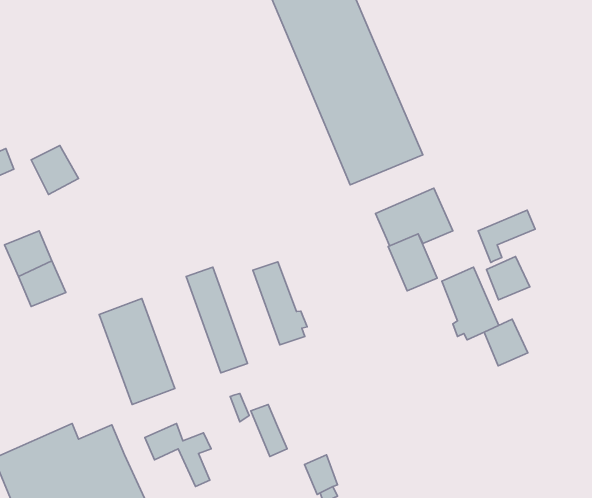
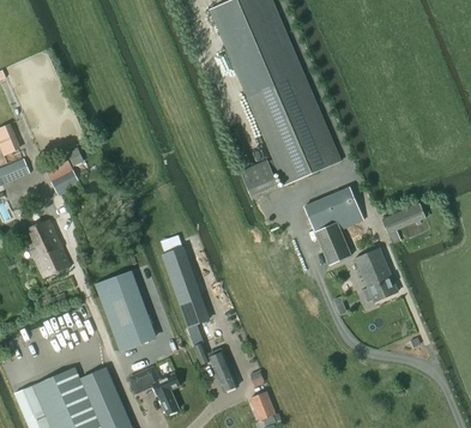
building: [487,257,530,300] -> none
building: [253,262,307,345] -> none
building: [484,319,528,366] -> none

